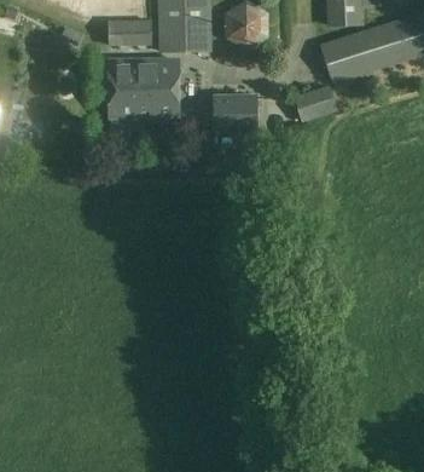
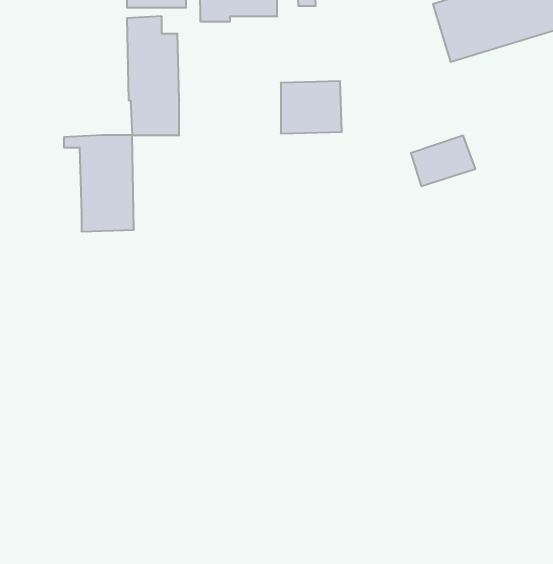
building: [132,56,180,122] -> [64,135,134,231]
building: [292,85,337,120] -> [411,136,475,186]

